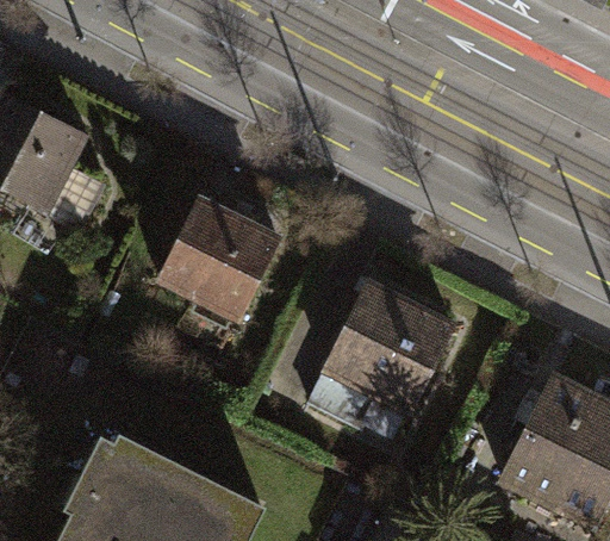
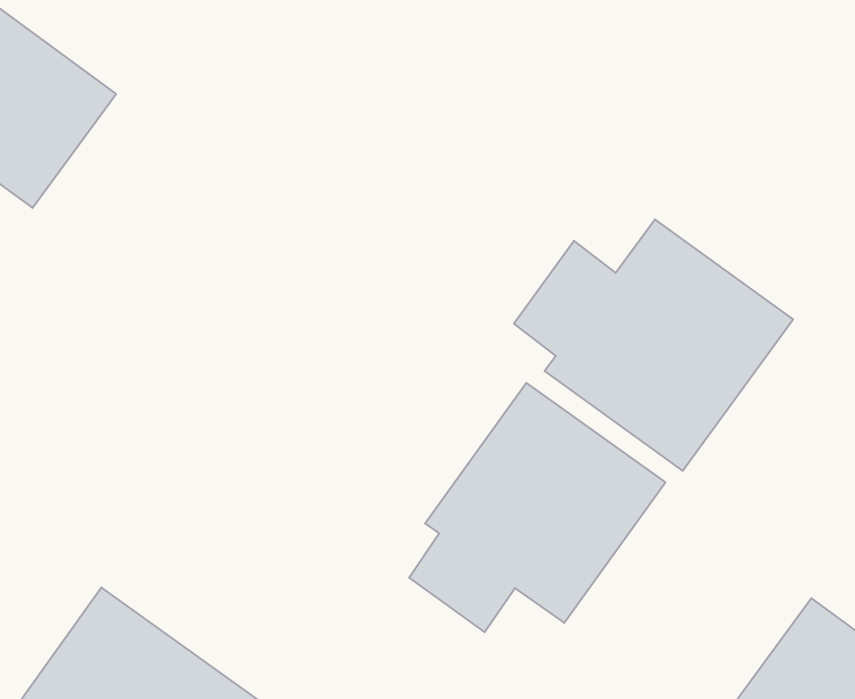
building: none -> [514,219,793,471]
building: [155,195,276,318] -> none

